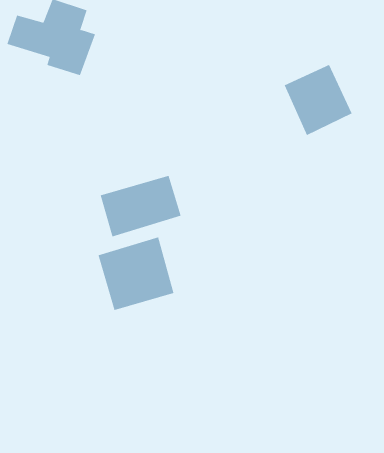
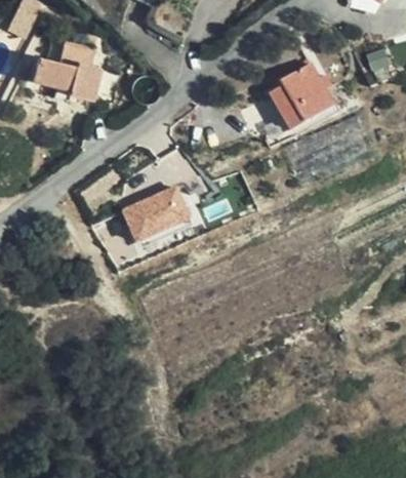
building: [98,236,174,311] -> none

